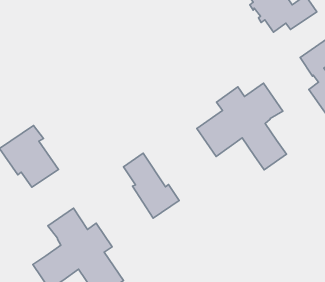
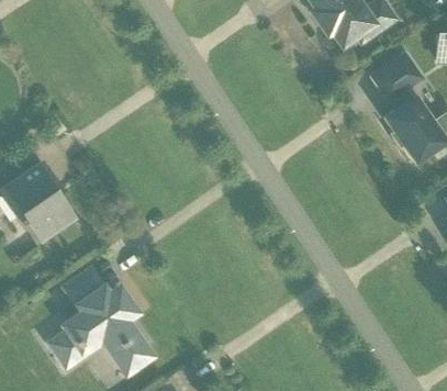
building: [197,83,287,170] -> none
building: [124,153,179,218] -> none

